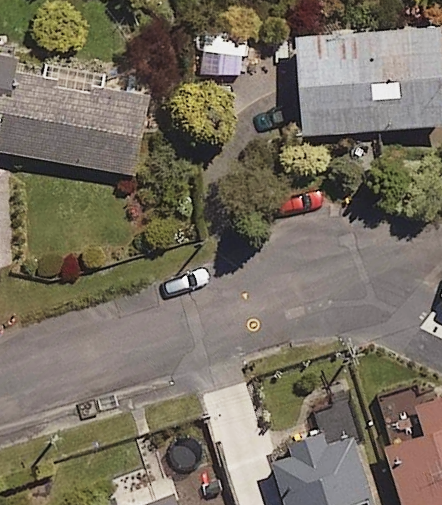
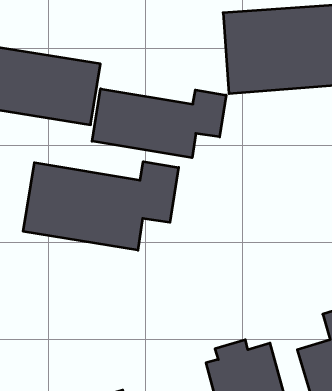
building: none -> [92,89,226,158]
building: none -> [23,162,179,250]

